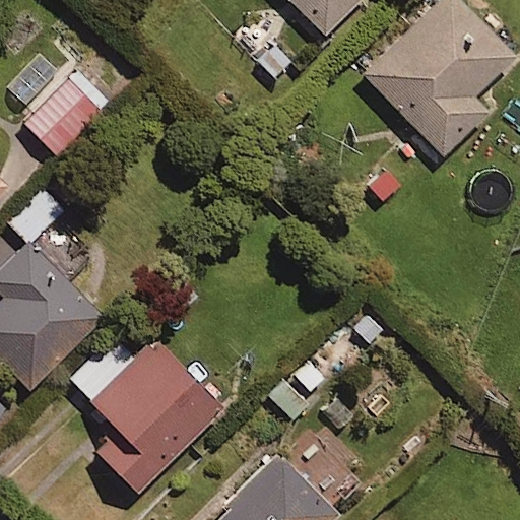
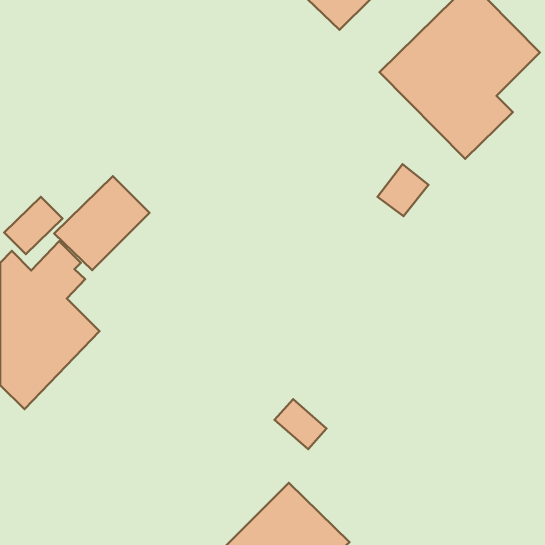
building: [22,67,112,155] -> [54,176,150,270]
building: [70,339,221,494] -> none

